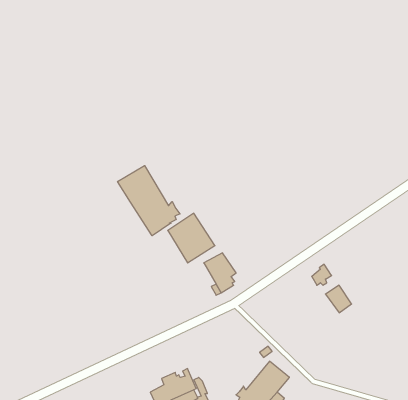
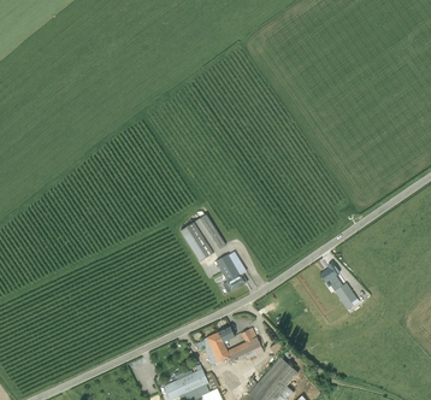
building: [118,166,180,236] -> none
building: none -> [196,325,264,364]

